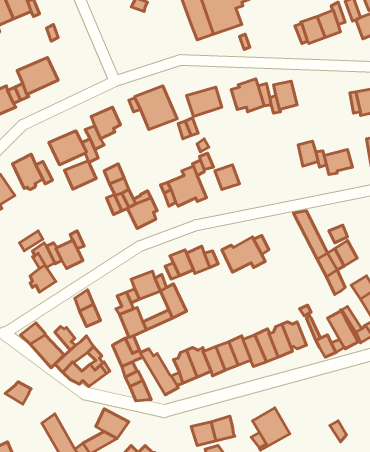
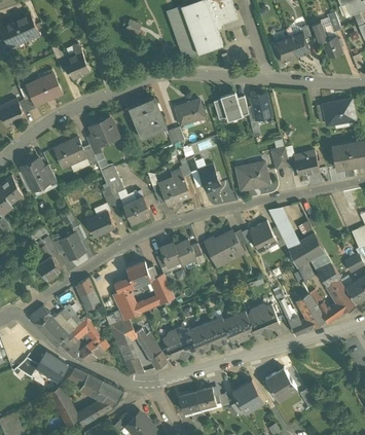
building: none -> [63,52,89,80]
building: none -> [235,161,268,190]
building: [65,161,96,189] -> [86,211,114,235]
building: none -> [250,221,278,252]
building: none -> [36,352,66,379]
building: none -> [65,367,102,396]
building: none -> [265,368,295,399]

